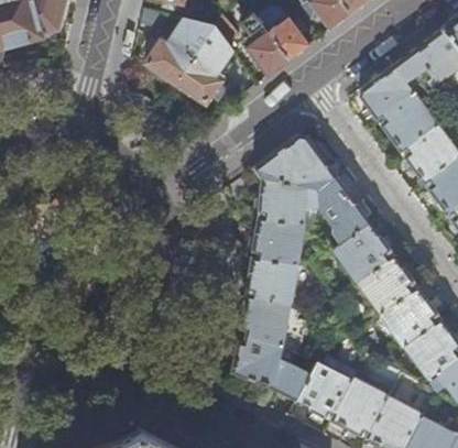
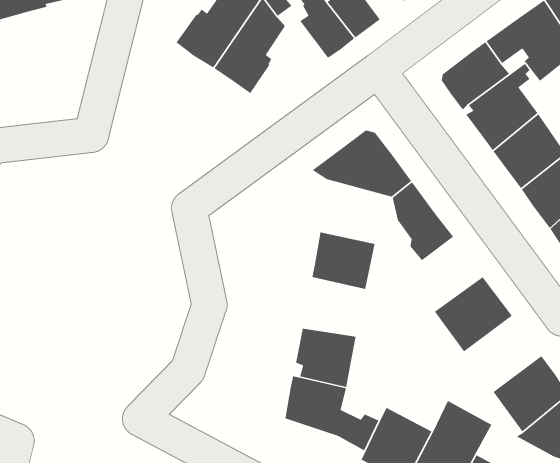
building: [261,175,324,227] -> none
building: [330,221,393,282] -> none
building: [247,254,298,302] -> none
building: [378,285,440,347] -> none

